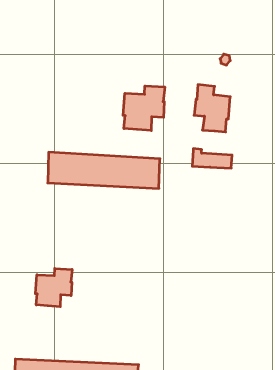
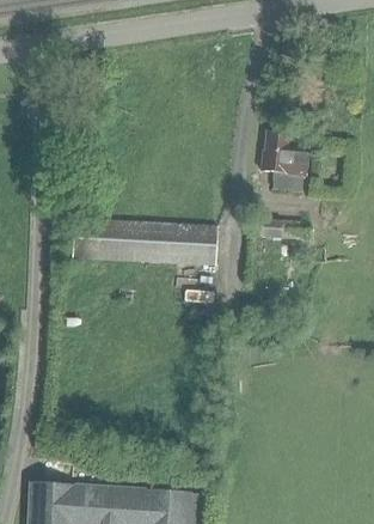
building: [123,86,165,131] -> none
building: [35,268,72,307] -> none

